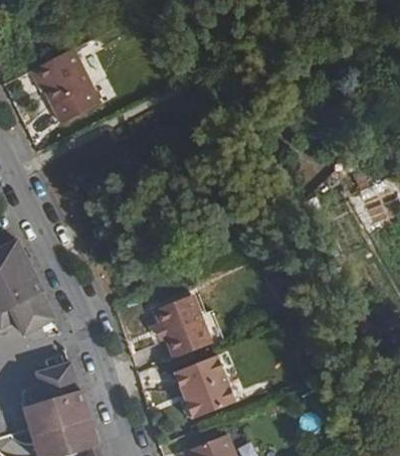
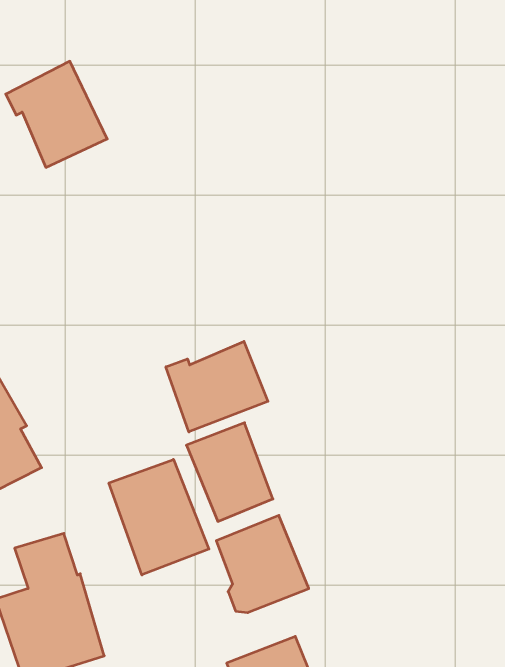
building: none -> [166,341,268,432]
building: none -> [109,459,209,575]

